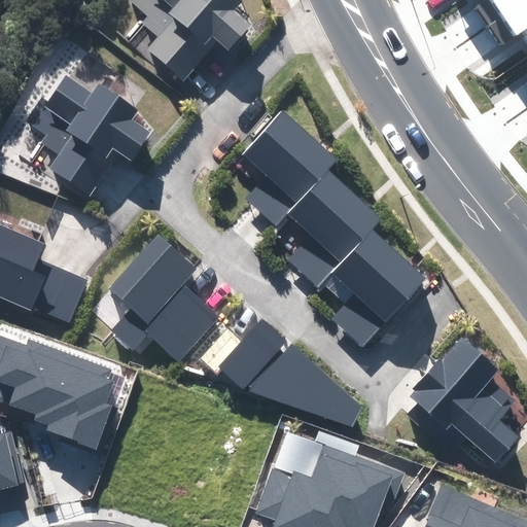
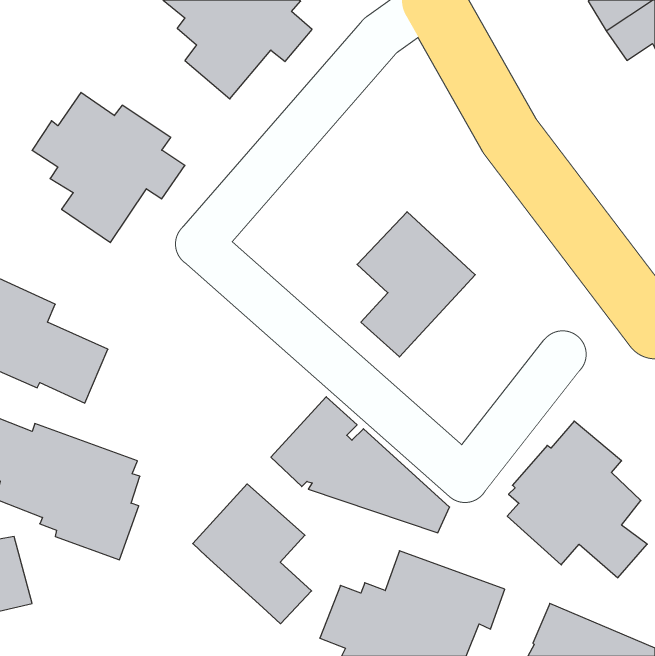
building: [243,112,335,225] -> none
building: [332,231,424,345] -> none
building: [106,233,217,358] -> none
building: none -> [193,484,312,624]

